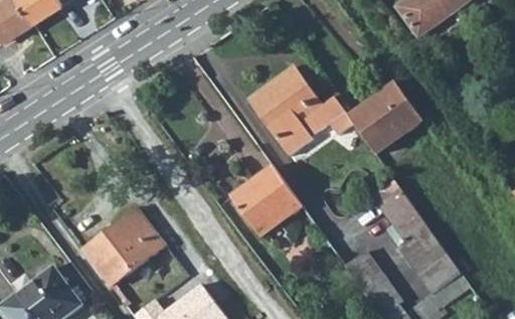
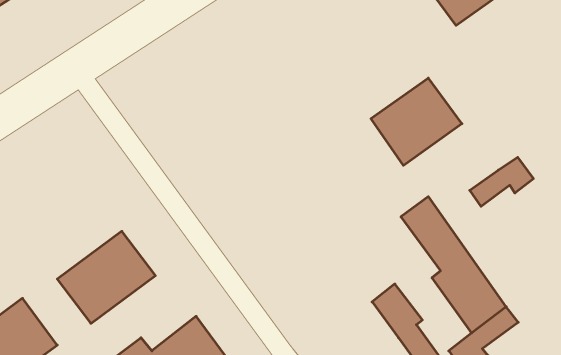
building: [247,65,344,154] -> none
building: none -> [470,157,533,206]
building: [228,166,301,237] -> none

